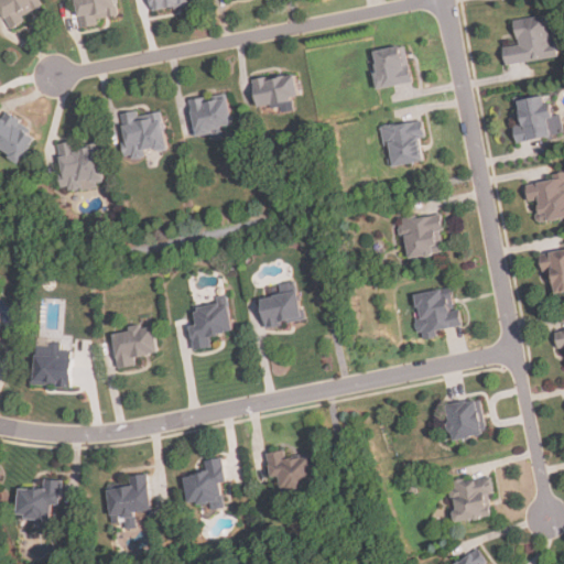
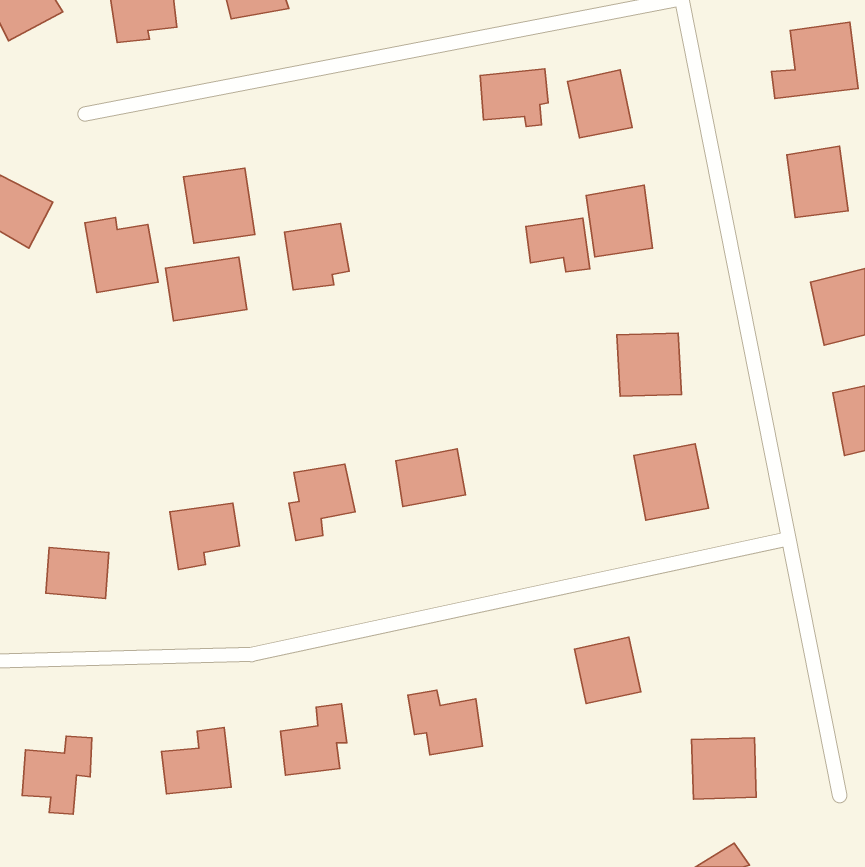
building: [251,74,295,111] -> [480,69,548,127]
building: [188,94,230,137] -> [285,224,349,290]
building: none -> [526,218,590,272]
building: none -> [166,257,247,321]
building: [442,399,485,442] -> [574,637,641,704]

